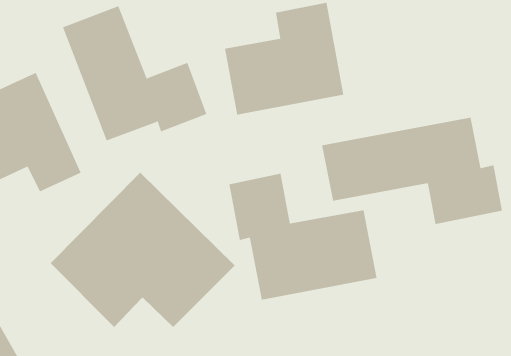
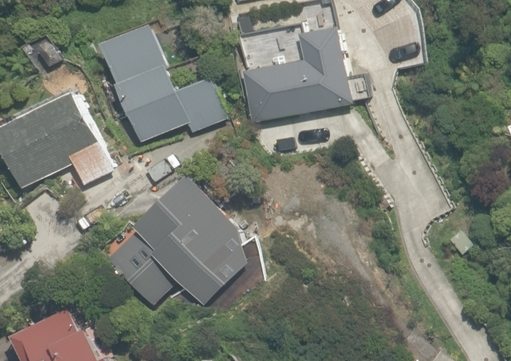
building: [322,117,502,225] -> none
building: [229,173,377,301] -> none

